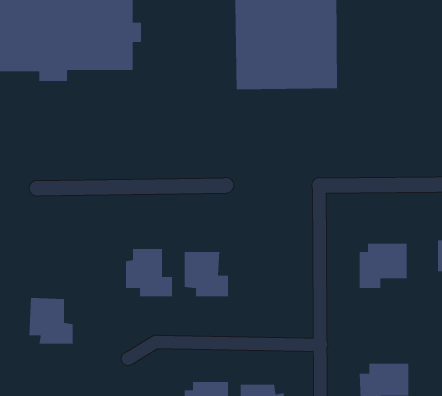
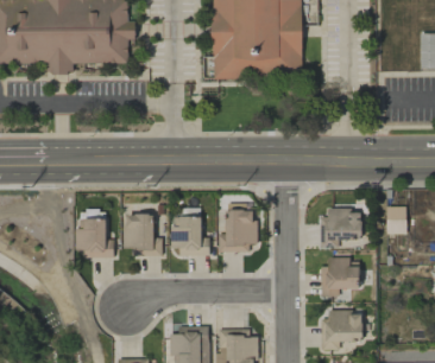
building: none -> [218,210,256,251]
building: [29,297,73,345] -> [75,217,113,257]
building: none -> [320,257,359,295]

